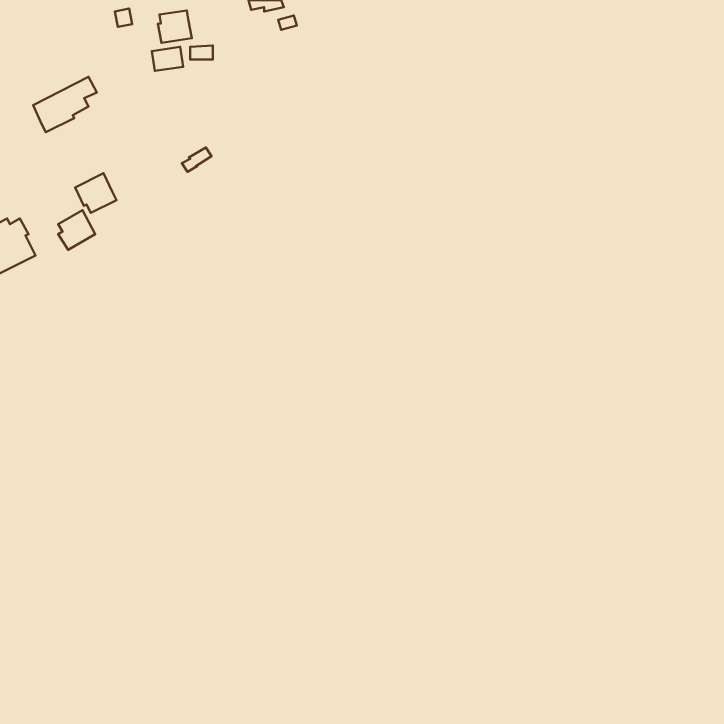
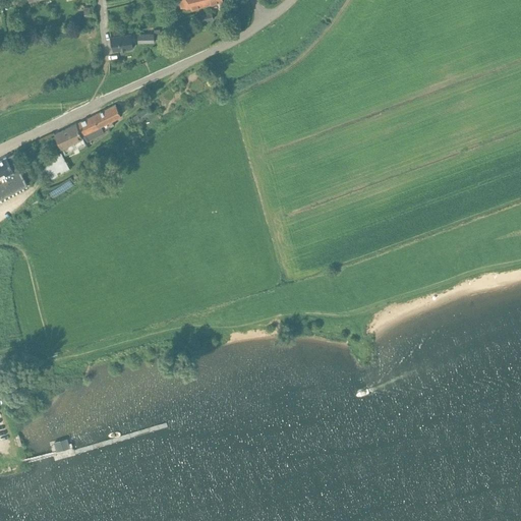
building: [158,10,192,43] -> none
building: [33,77,97,132] -> [74,105,120,144]

